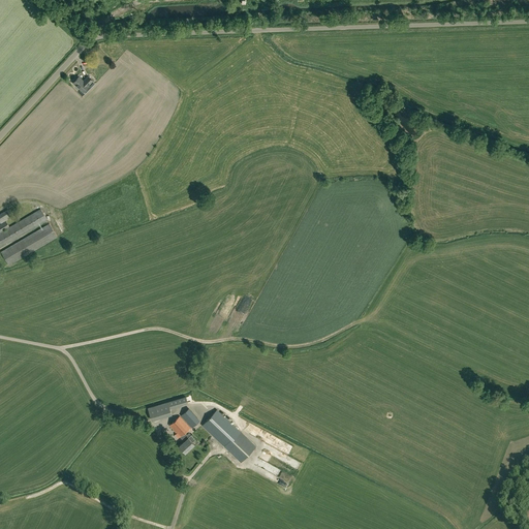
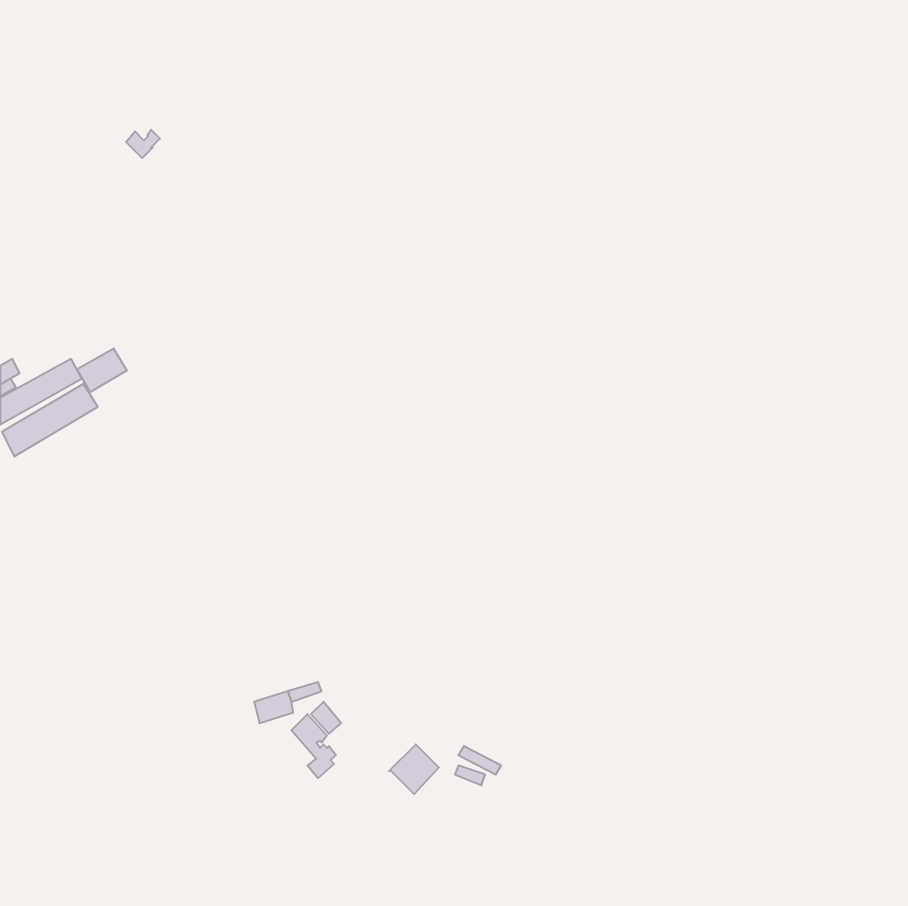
building: none -> [77,348,127,393]
building: [203,410,242,449] -> none

